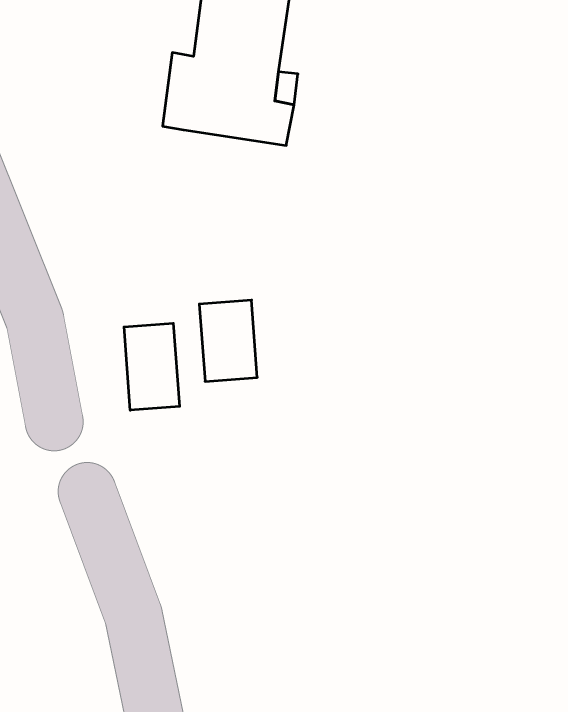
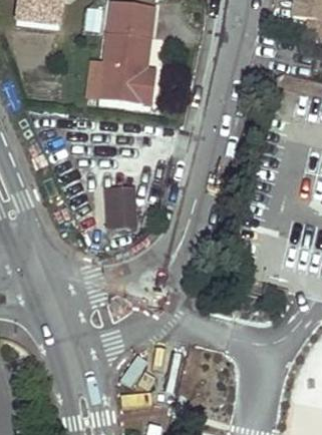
building: [124,323,180,410] -> none

